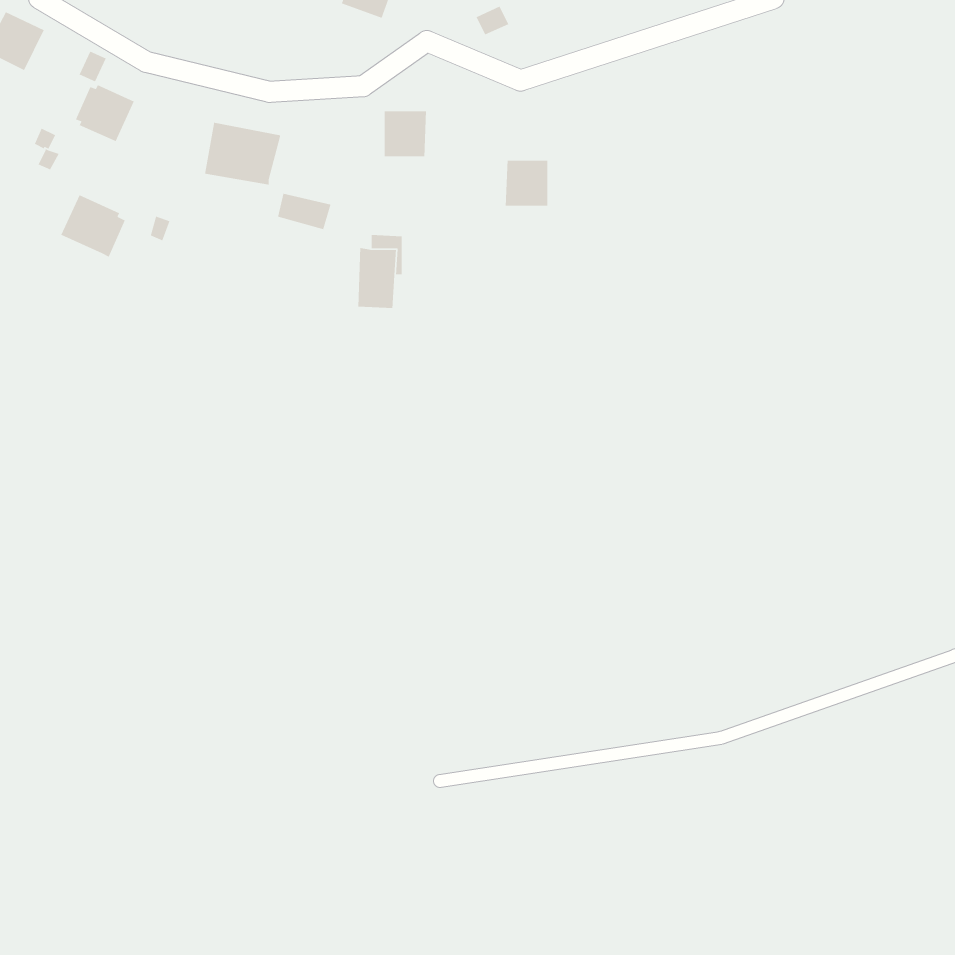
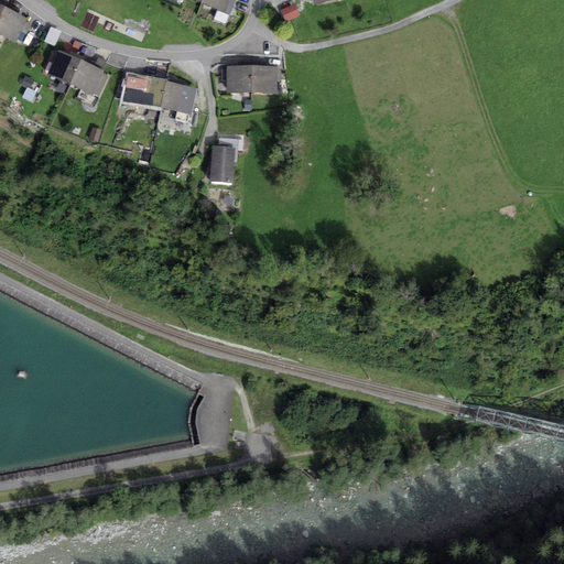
building: none -> [159,80,196,113]
building: [505,160,548,206] -> [250,65,275,93]
building: [60,194,126,258] -> [68,59,107,97]

